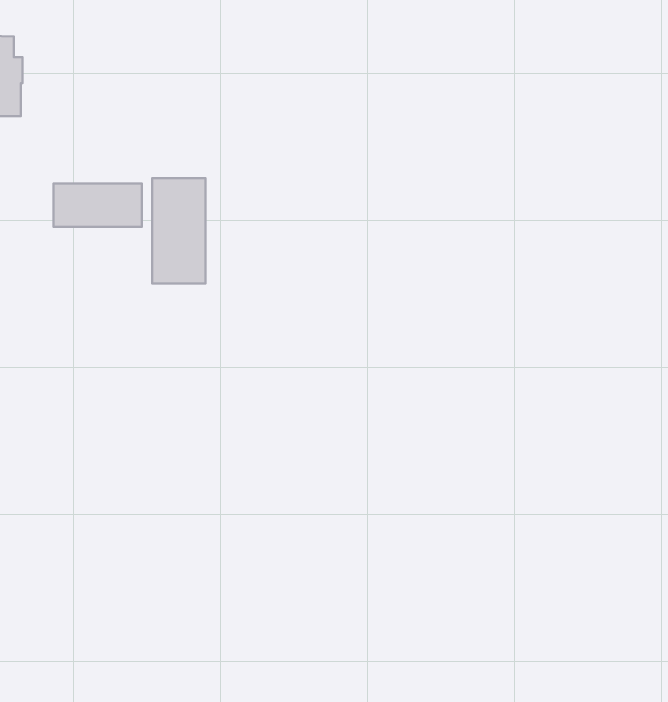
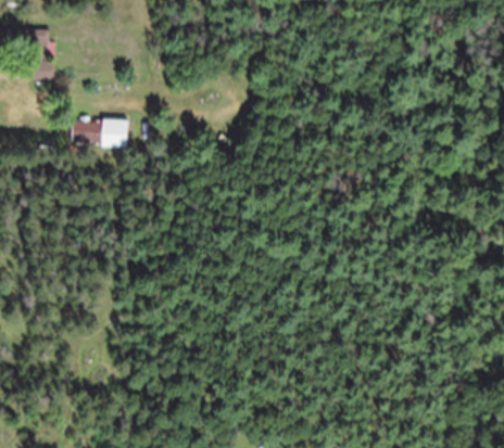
building: [152,178,206,283] -> none

